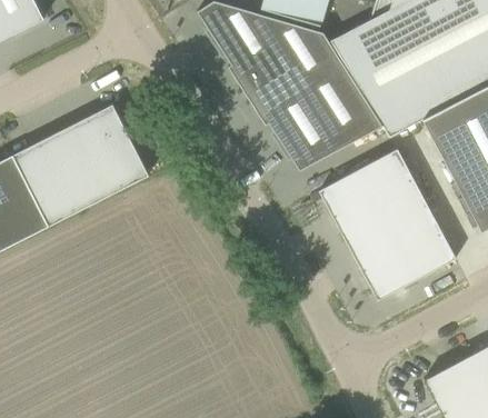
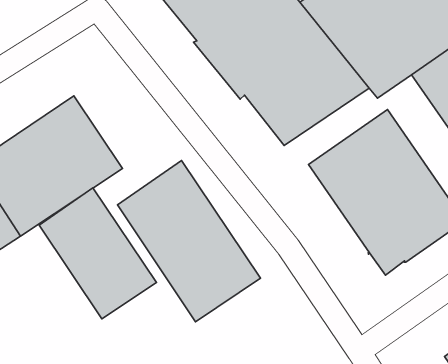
building: none -> [117,160,261,322]
building: none -> [39,188,156,319]

